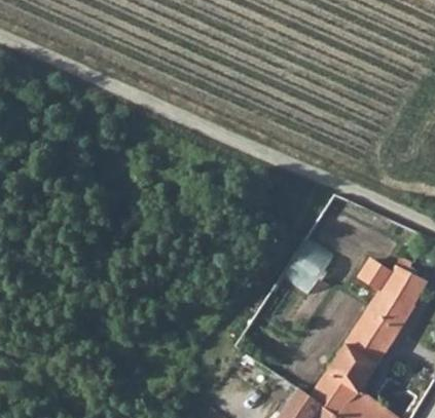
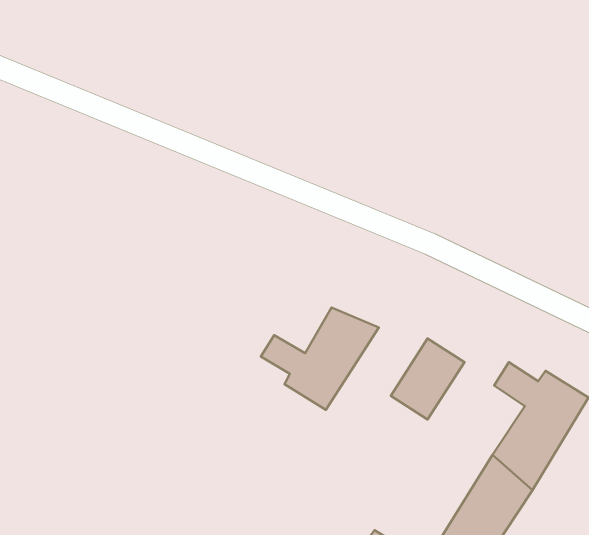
building: none -> [261,307,379,410]

